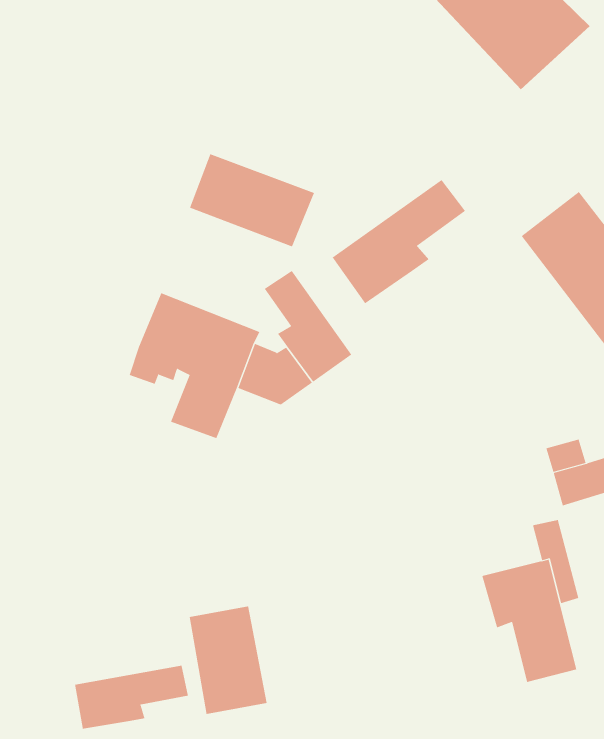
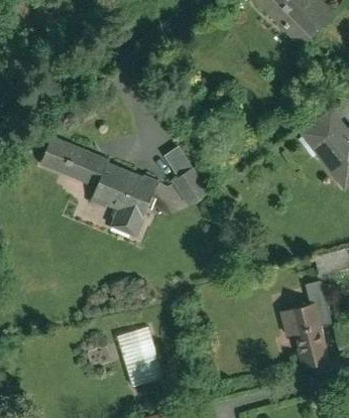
building: [189,153,315,247] -> [38,137,106,187]
building: [332,179,466,304] -> none
building: [74,665,189,729] -> none

